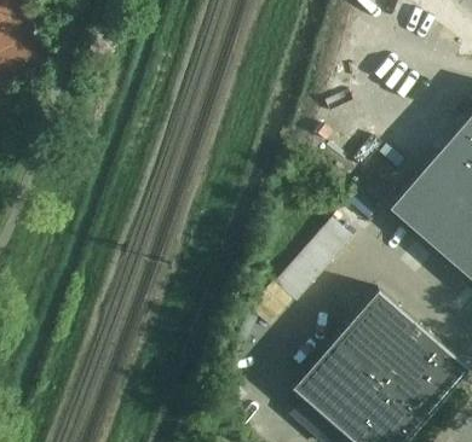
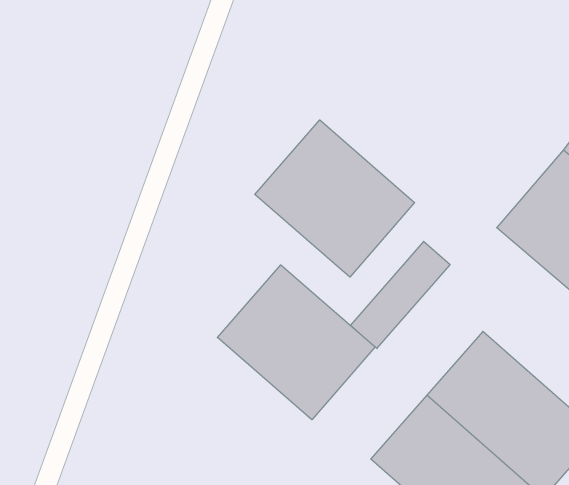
building: none -> [255,120,415,277]
building: none -> [217,265,375,420]

